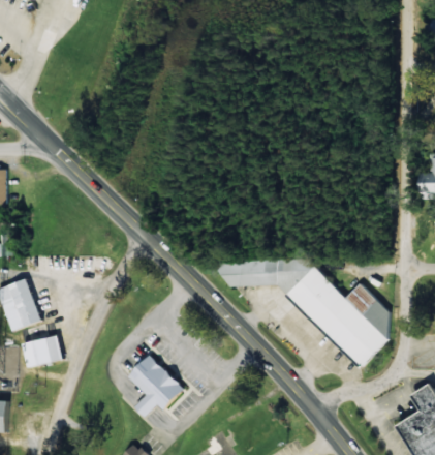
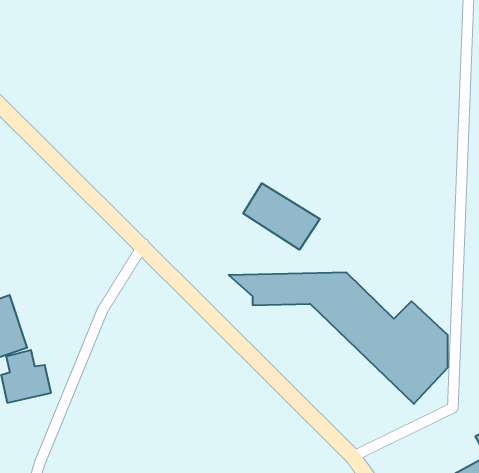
building: none -> [243,183,320,250]
building: [128,355,185,416] -> none

